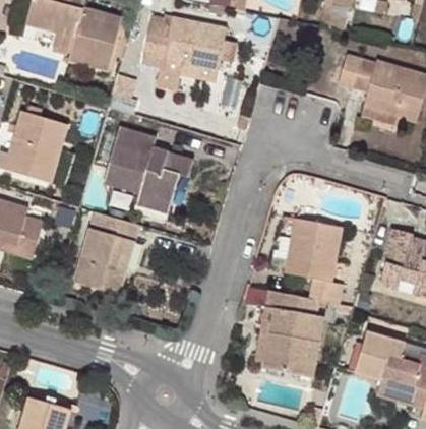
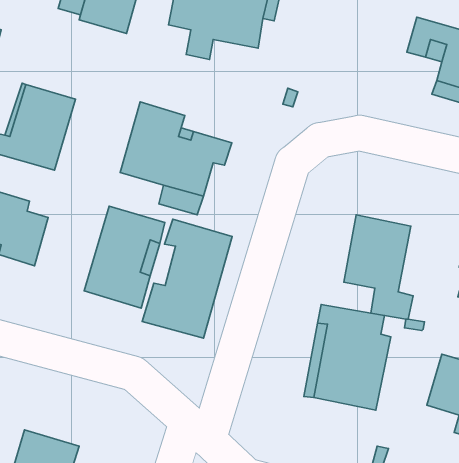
building: none -> [142,219,232,338]

